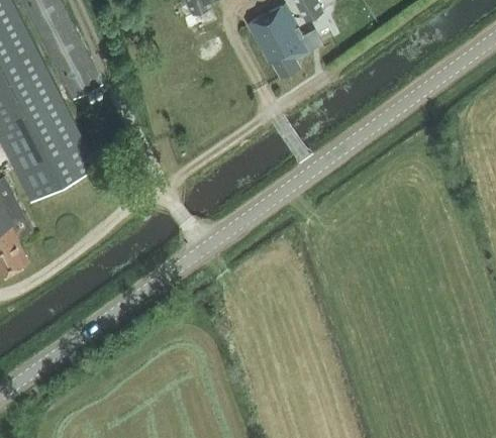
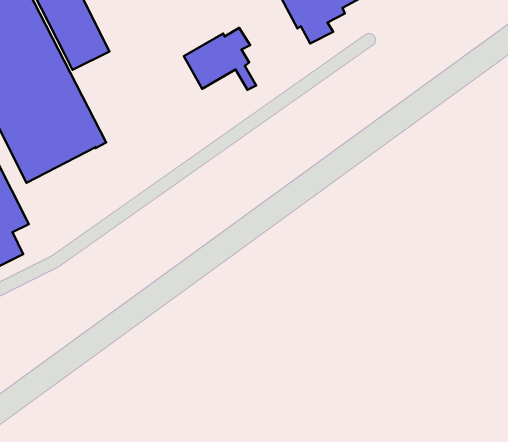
building: none -> [184,28,256,90]

